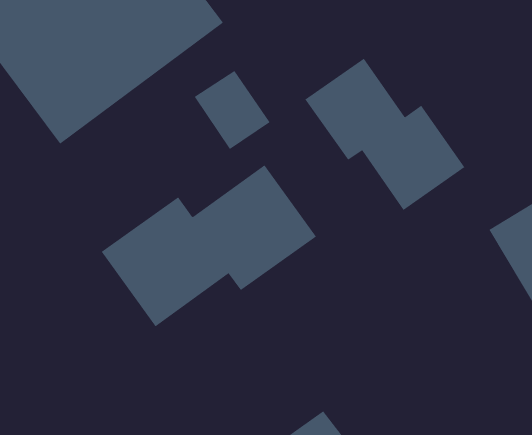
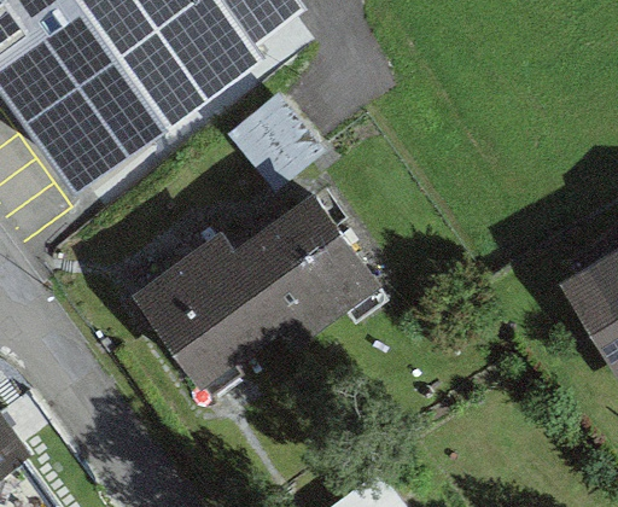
building: [305,58,465,211] -> none

